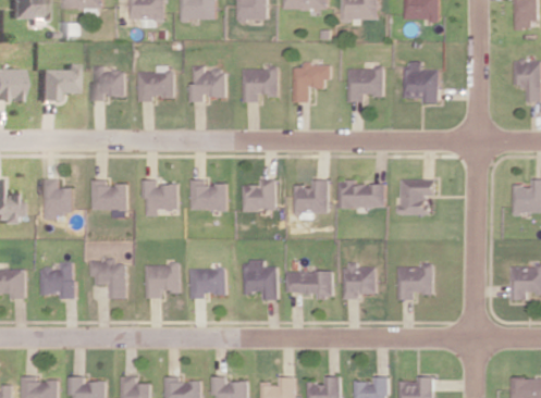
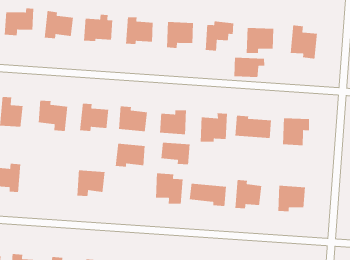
building: none -> [233,57,265,78]
building: none -> [161,142,190,165]
building: [88,260,125,299] -> none
building: [189,268,226,298] -> [115,143,146,167]

